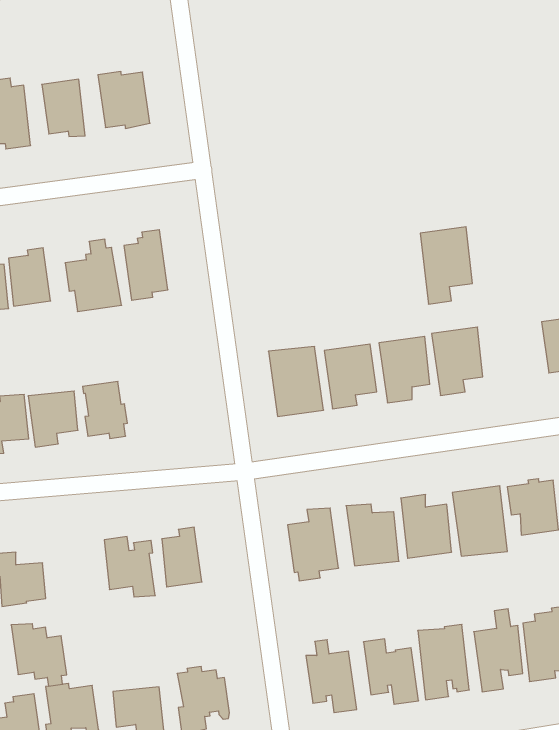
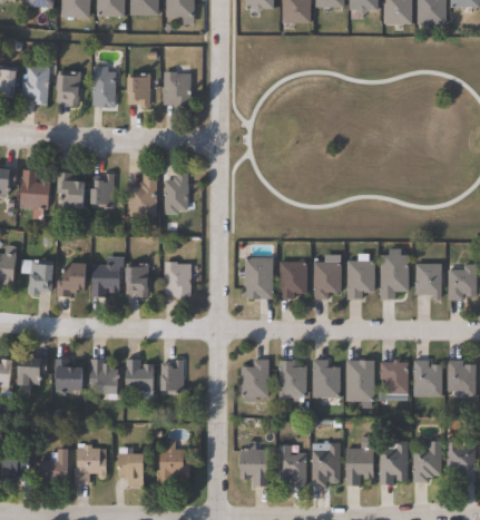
building: [420,227,472,304] -> [379,255,409,300]
building: none -> [164,262,190,298]
building: [11,624,67,686] -> [90,359,120,400]

